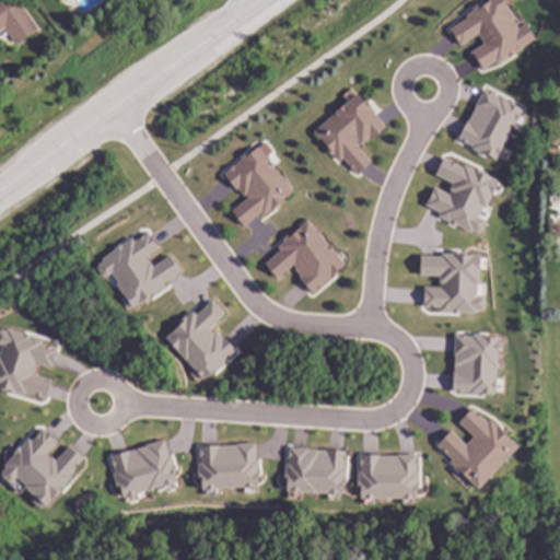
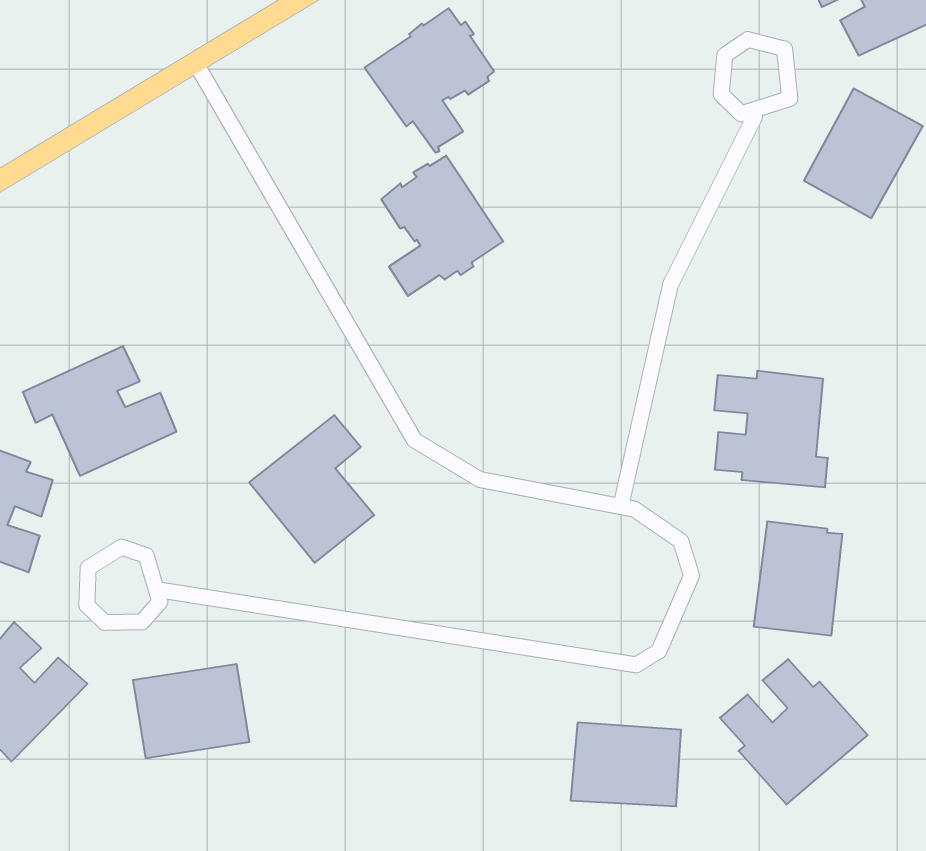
building: [313,93,385,174] -> [365,8,494,153]
building: [424,156,497,235] -> none
building: [264,220,345,293] -> none
building: [93,231,180,305] -> [23,346,176,476]
building: [198,443,258,488] -> none
building: [284,446,346,494] -> none

